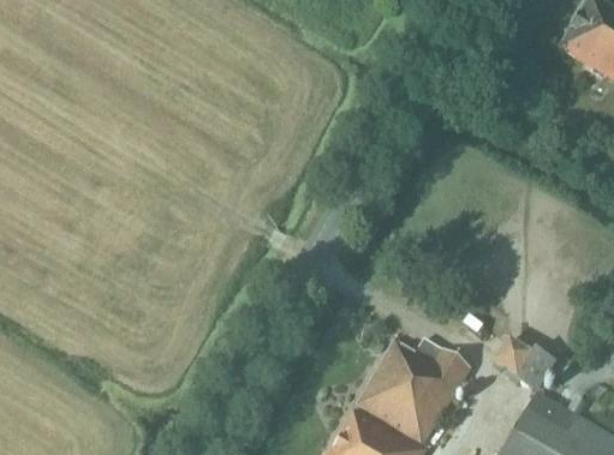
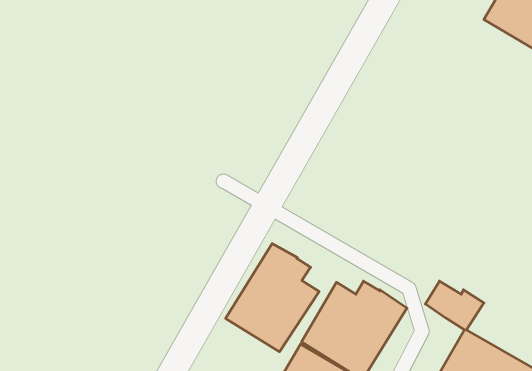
building: none -> [226,244,319,352]

